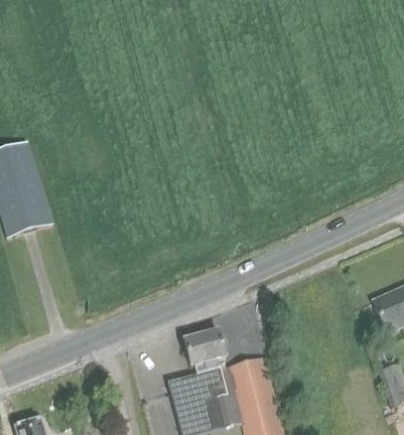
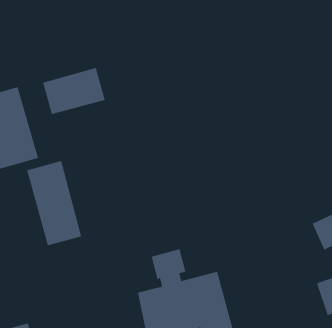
building: none -> [43,67,105,115]
building: none -> [26,160,82,246]

